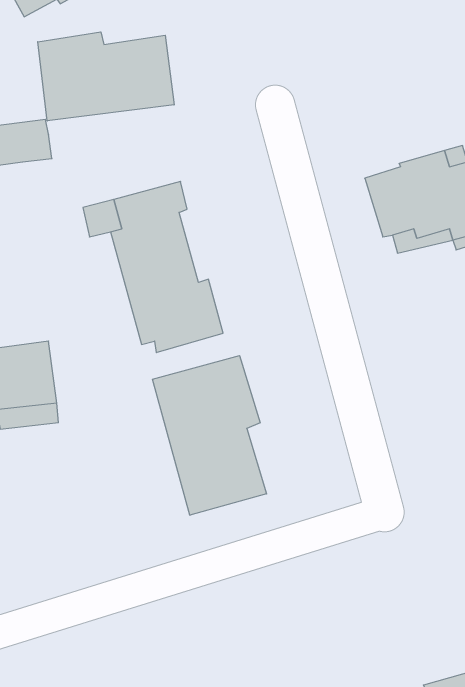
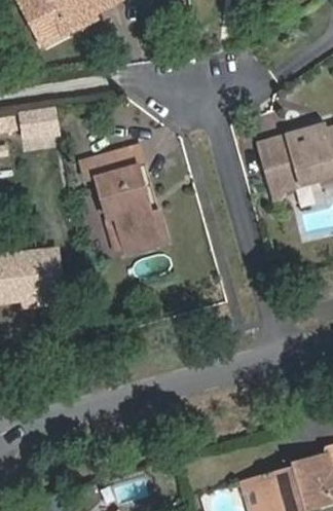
building: [38,32,174,121] -> none
building: [153,356,267,515] -> none

